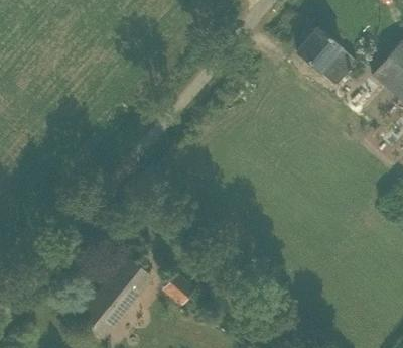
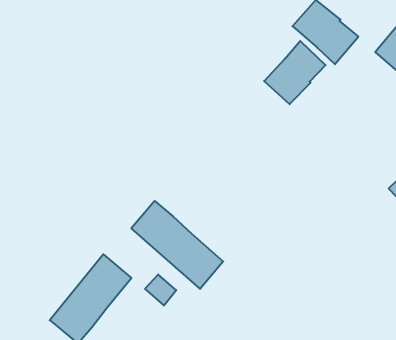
building: none -> [264,41,326,104]
building: none -> [131,201,223,289]

